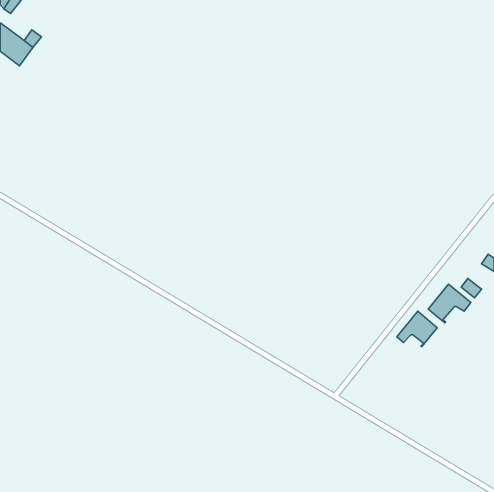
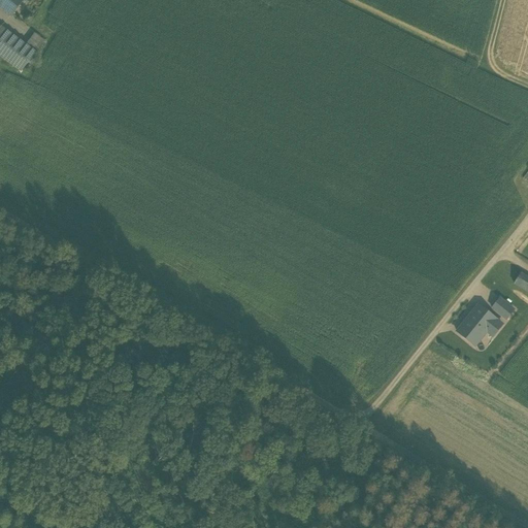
building: [397,311,437,347] -> none

